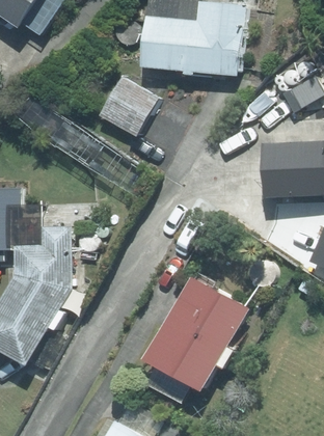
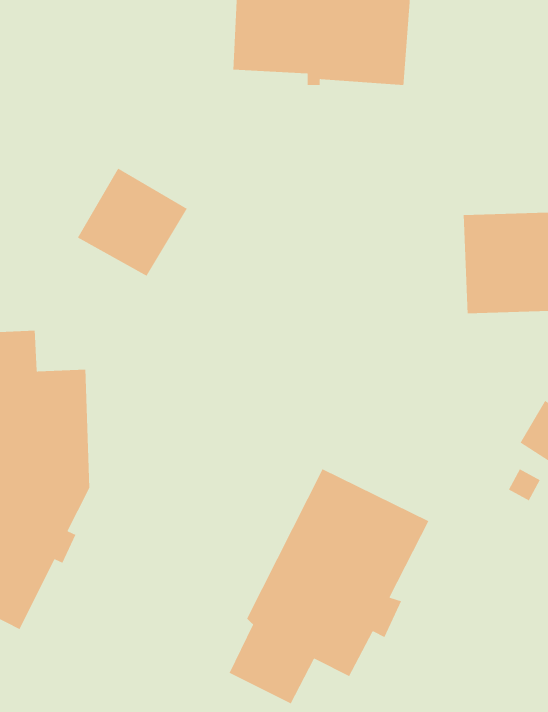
building: [96,78,155,136] -> [77,168,188,277]

